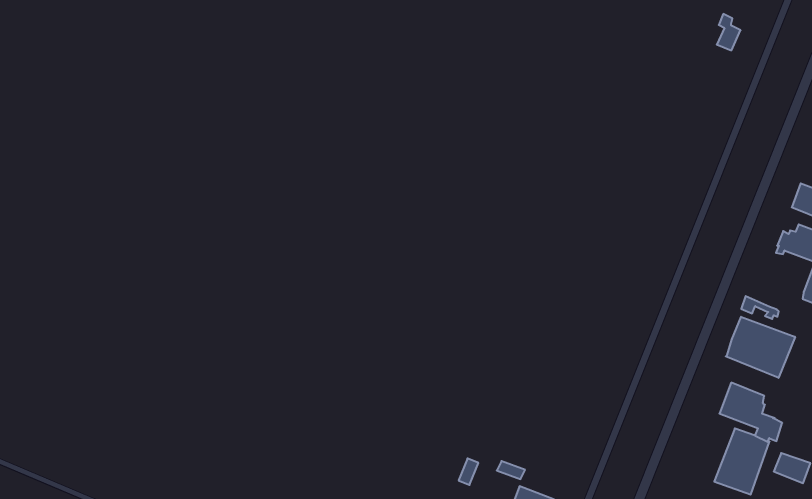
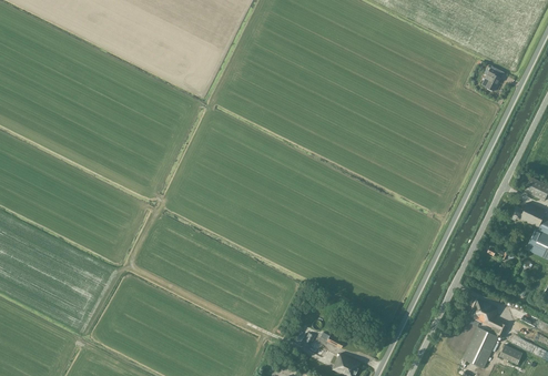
building: [726,317,795,378] -> none

